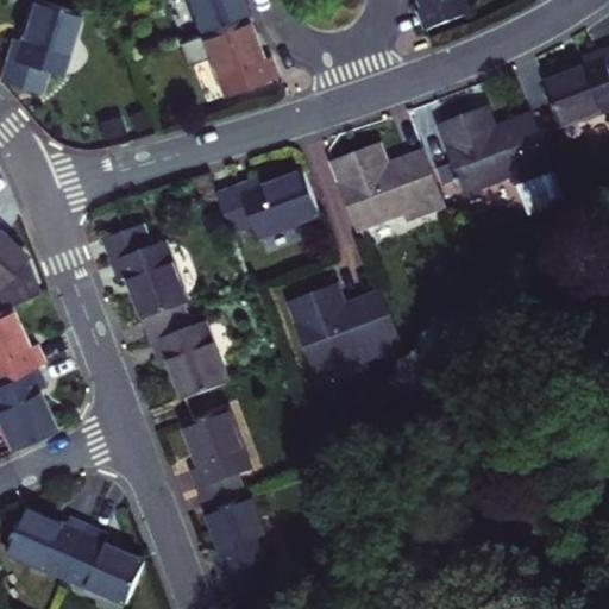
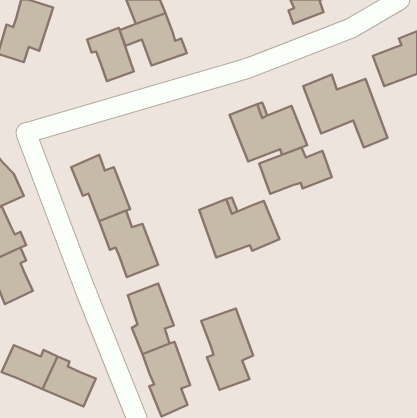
building: none -> [87,28,134,81]
building: [215,168,320,236] -> none
building: none -> [259,148,332,194]
building: none -> [201,308,253,390]

